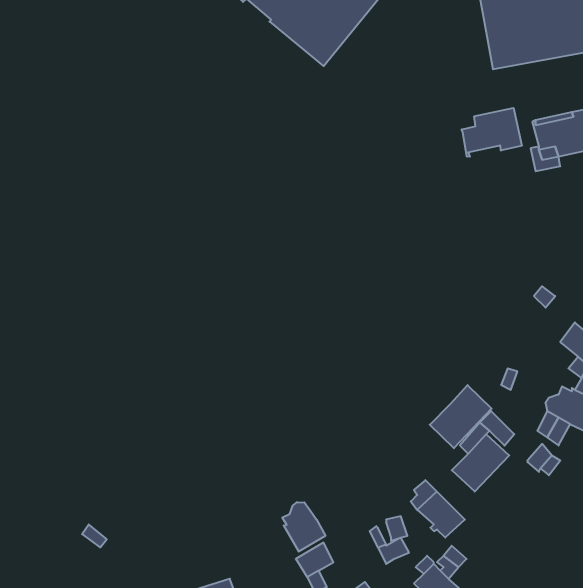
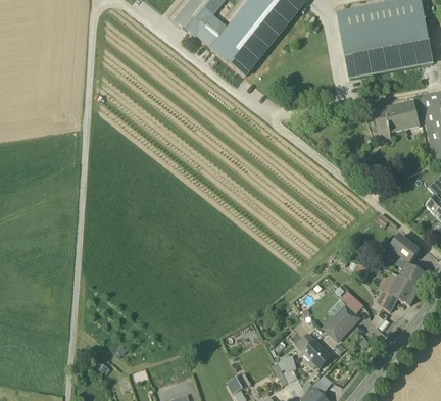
building: [462,108,522,157] -> none
building: [430,385,492,448] -> none
building: [282,502,325,552] -> none

